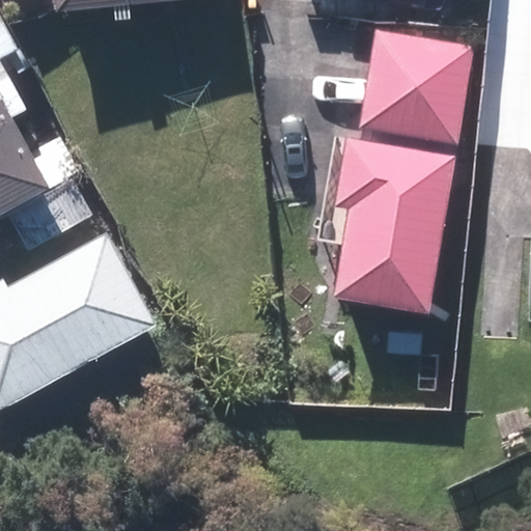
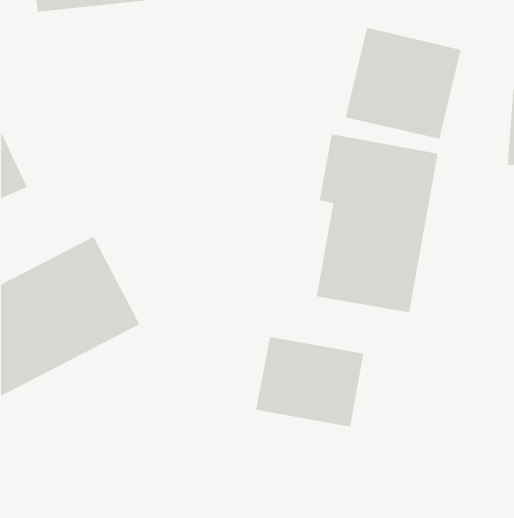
building: none -> [255,336,364,427]

